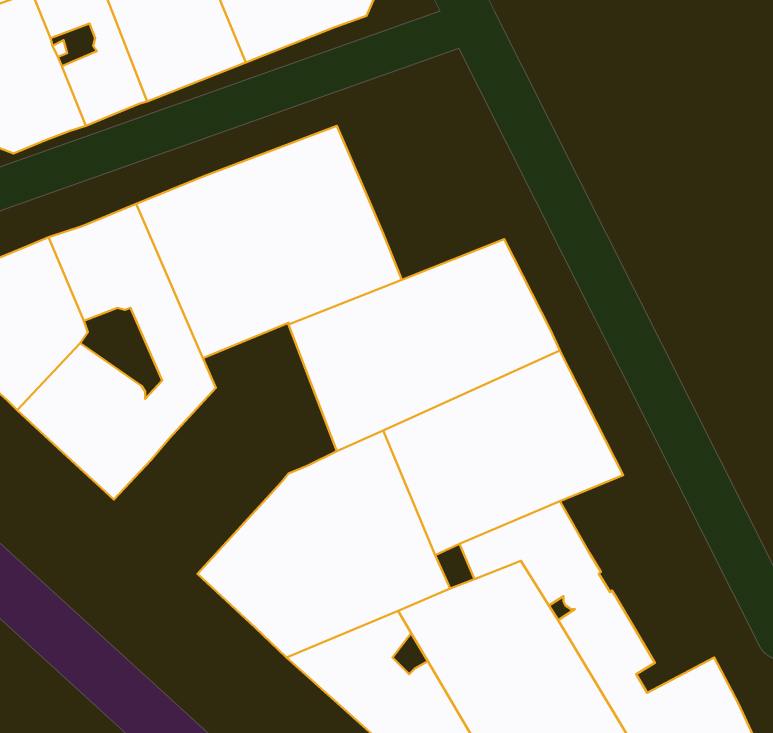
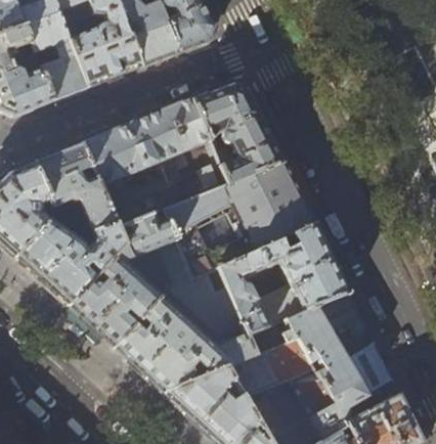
building: none -> [191,84,284,185]
building: none -> [69,209,191,347]
building: none -> [314,293,367,338]
building: none -> [345,344,393,396]

